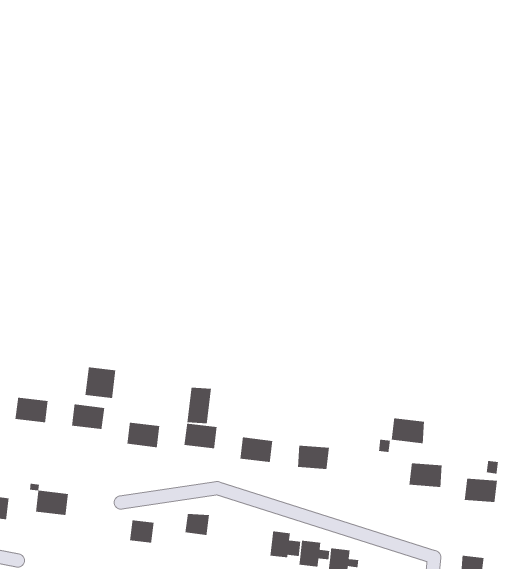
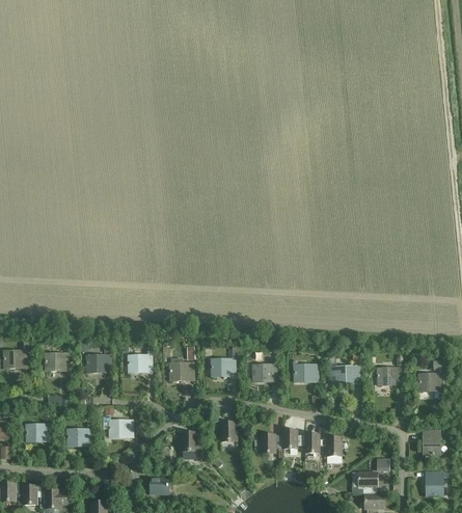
building: [85,367,116,399] -> none
building: [186,387,212,424] -> none
building: [391,418,425,444] -> [335,367,359,383]
building: none -> [253,434,282,453]

